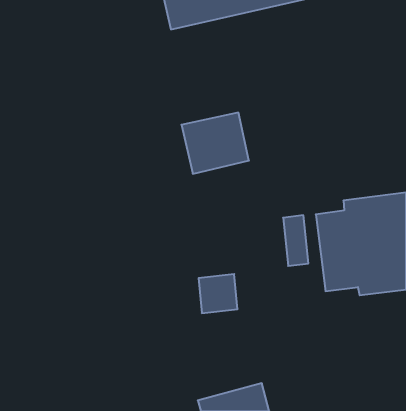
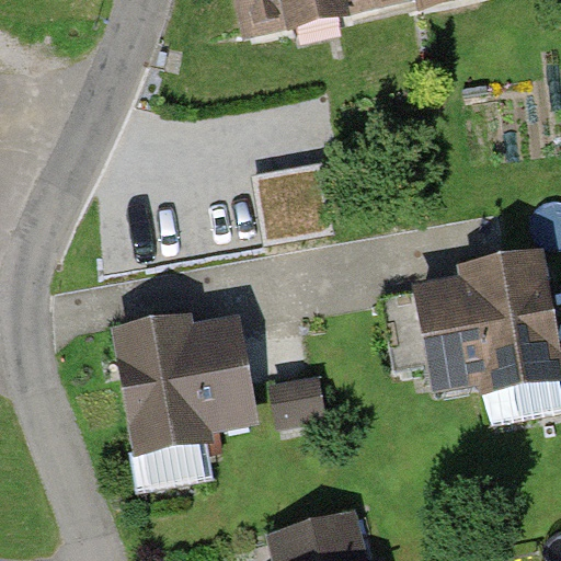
building: none -> [119,316,259,454]

